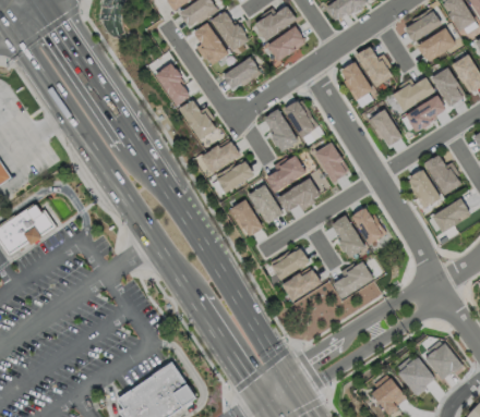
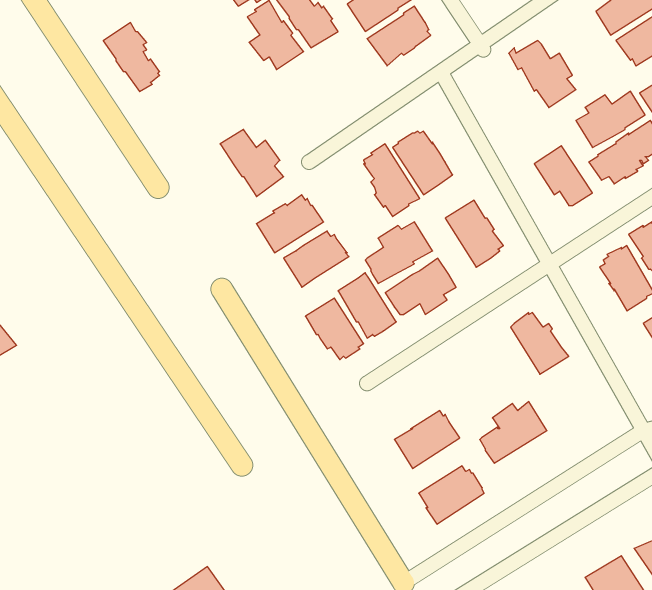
building: [221,57,261,89] -> none
building: [339,62,371,108] -> none
building: [155,64,189,106] -> [103,23,160,92]
building: [333,217,365,260] -> none
building: [271,248,310,283] -> [419,466,484,524]

